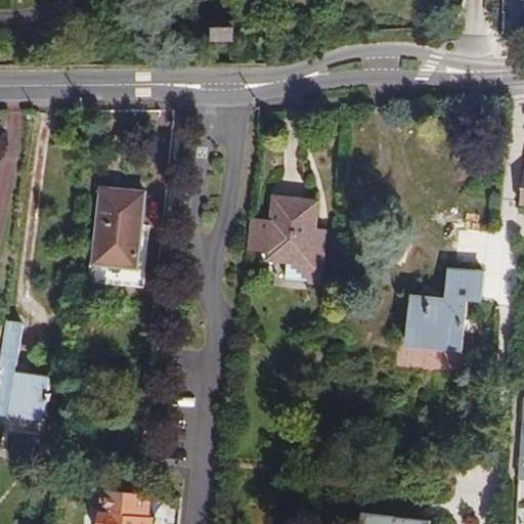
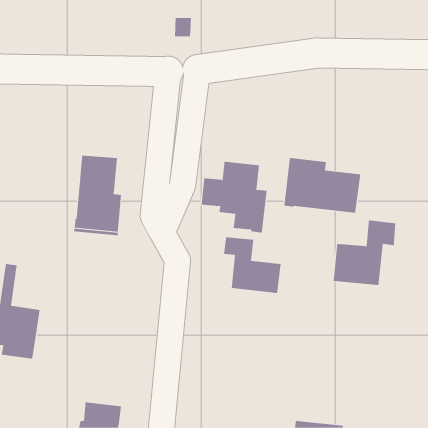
building: none -> [284,157,361,213]
building: none -> [223,237,281,294]

